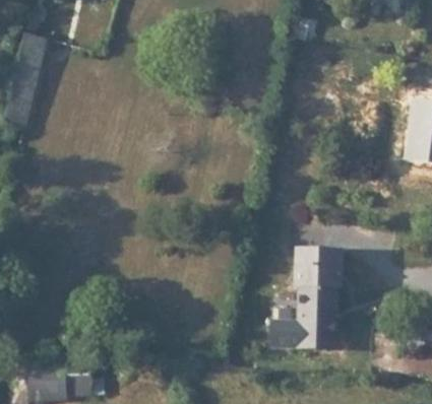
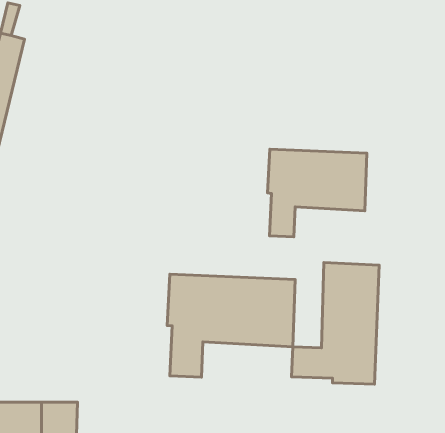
building: none -> [268,149,367,237]
building: none -> [167,274,295,377]

